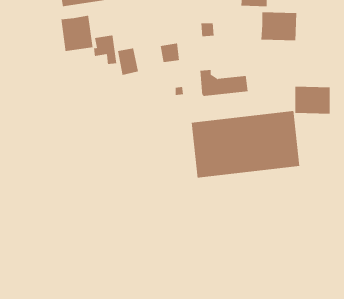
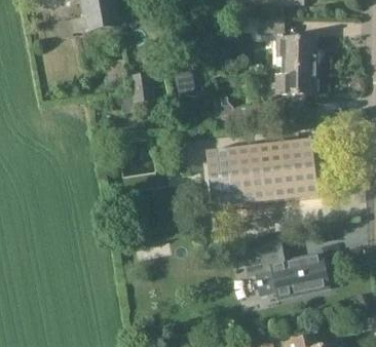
building: [61,15,93,52] -> none
building: [295,86,330,114] -> [277,66,314,94]
building: none -> [237,237,329,297]

